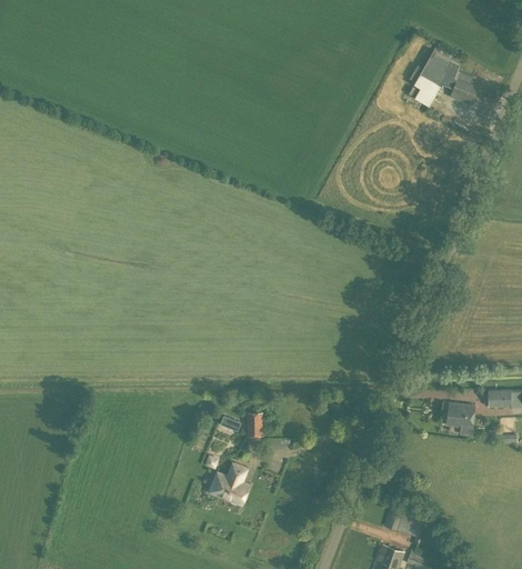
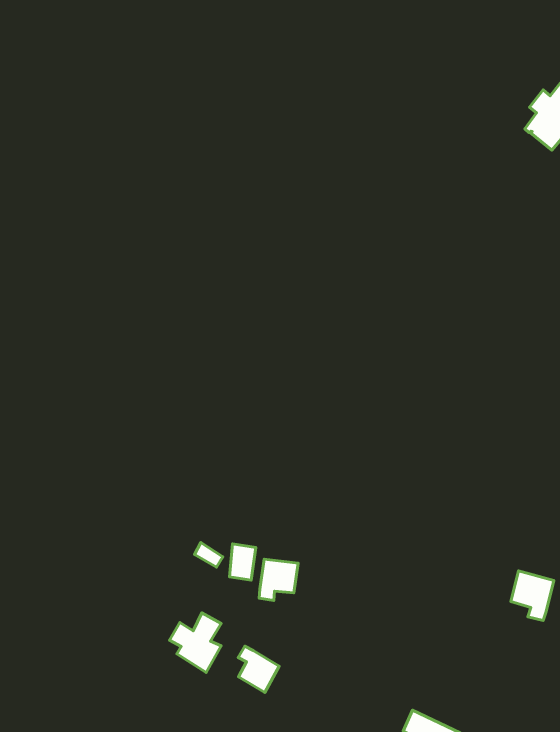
building: none -> [259,559,298,600]
building: none -> [238,646,279,692]

